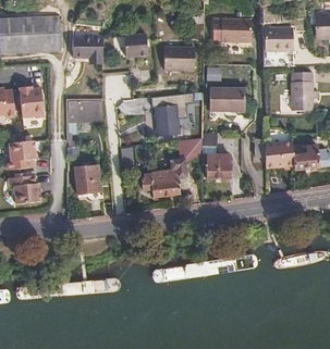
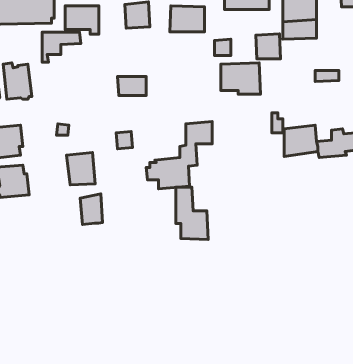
building: [291,71,313,92] -> [256,34,281,59]
building: [69,100,102,126] -> [42,32,81,62]
building: [155,102,179,134] -> none
building: [201,132,230,177] -> [176,187,208,240]
building: none -> [80,194,102,225]

